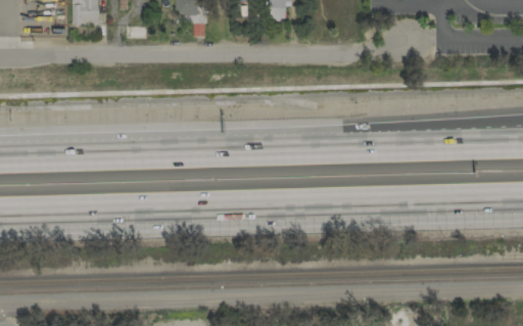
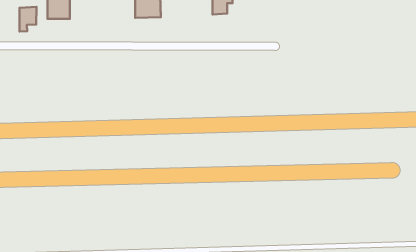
building: none -> [19,7,36,32]

